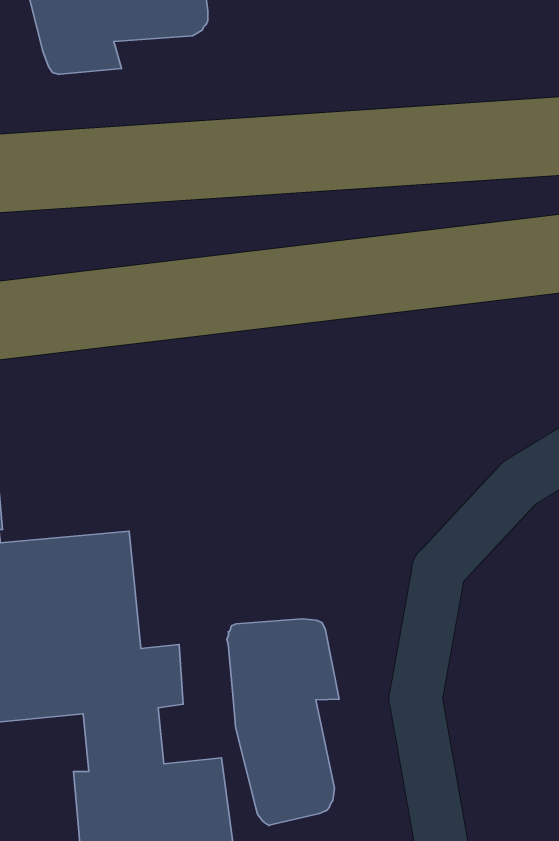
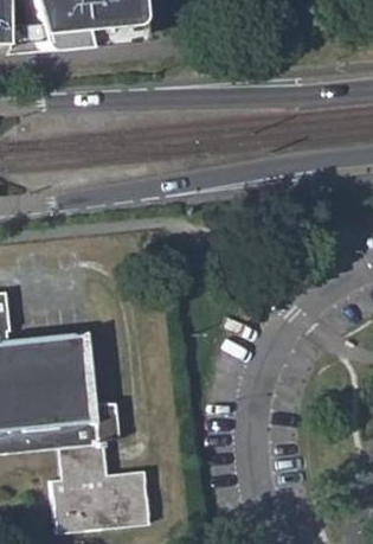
building: [227,619,339,826] -> none

